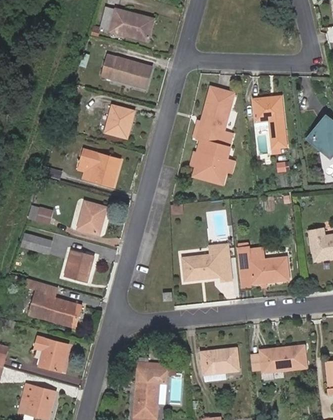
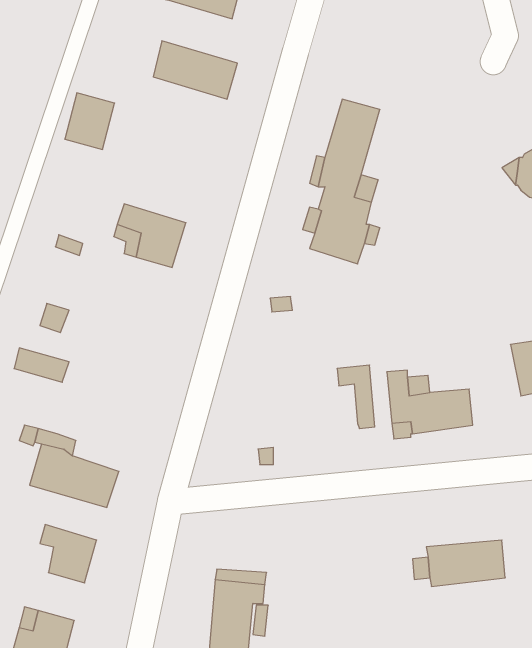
building: [253,95,286,153] -> none
building: [105,105,134,138] -> [65,93,115,149]
building: [78,202,106,234] -> none
building: [65,250,93,282] -> none
building: [182,254,220,281] -> none
building: [201,348,238,373] -> none

